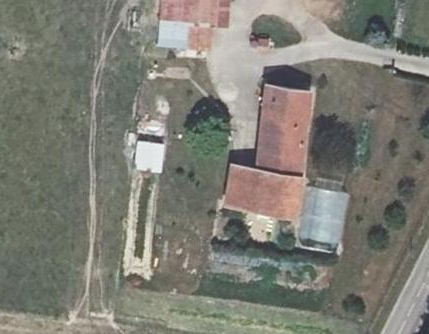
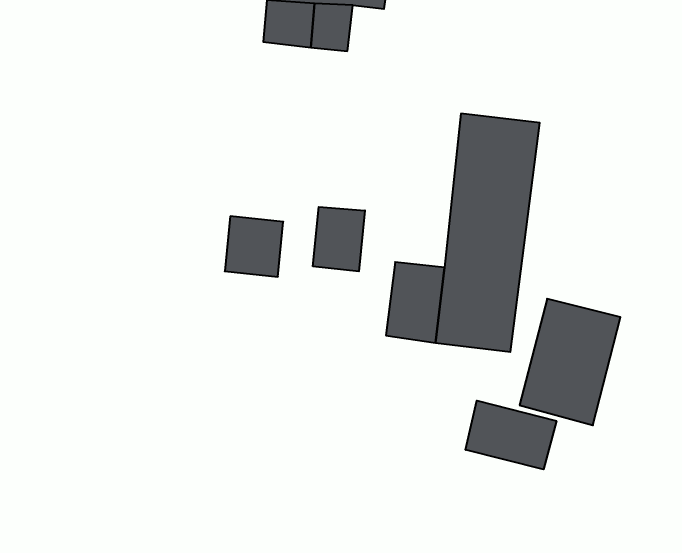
building: none -> [313,207,365,271]
building: none -> [466,401,556,469]

